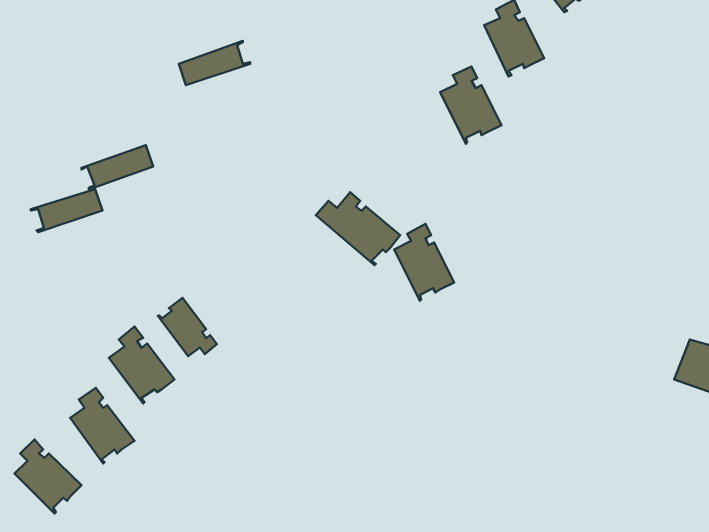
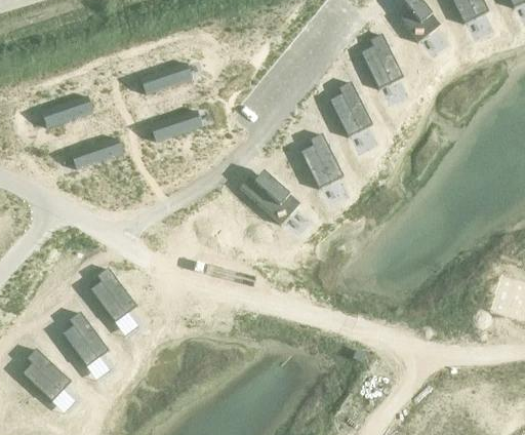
building: none -> [152,111,204,143]
building: [31,189,102,232] -> [42,98,93,129]
building: [394,224,454,301] -> [300,133,344,189]
building: [158,298,217,356] -> none

